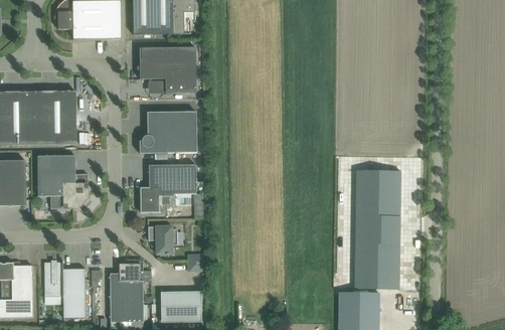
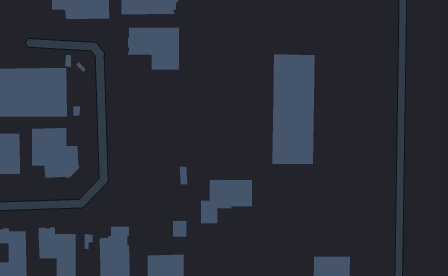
building: [139,112,197,153] -> none
building: [140,165,196,212] -> [200,180,253,224]
building: [354,170,401,289] -> [271,54,316,164]
building: [148,226,177,255] -> none

